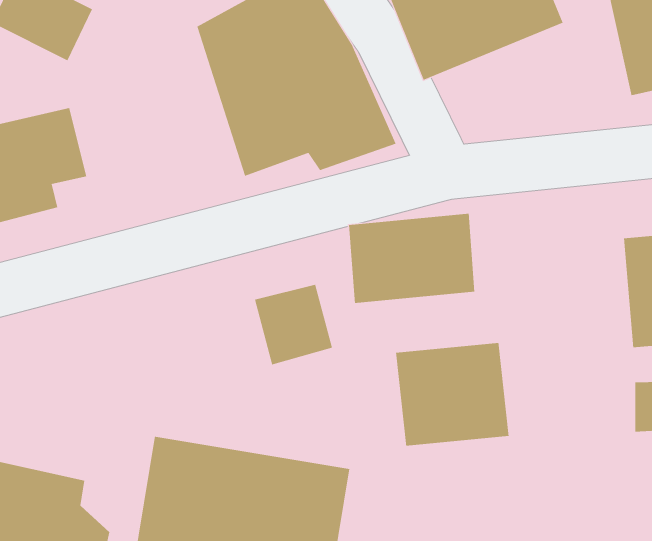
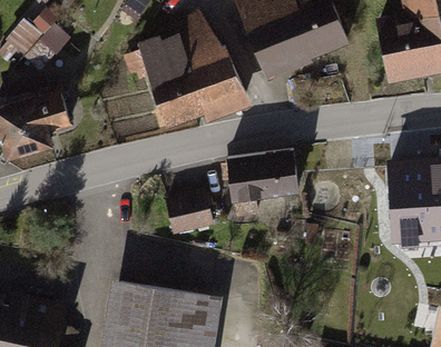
building: [396,342,509,447] -> none

